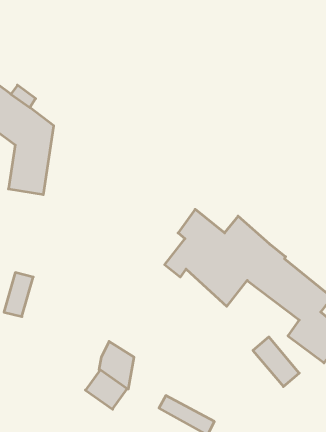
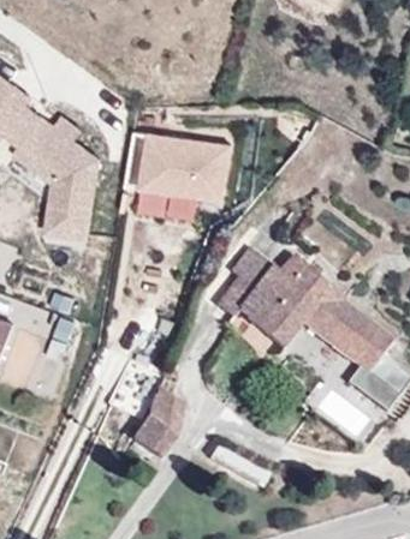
building: none -> [138,137,227,204]

